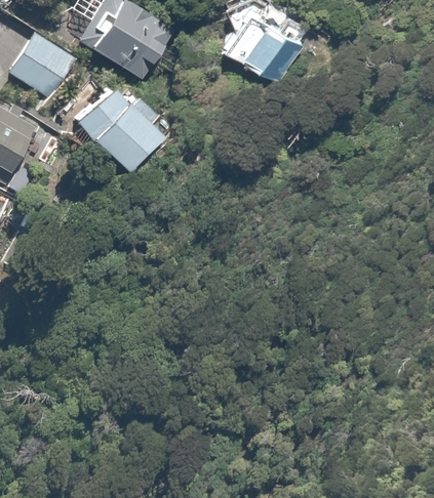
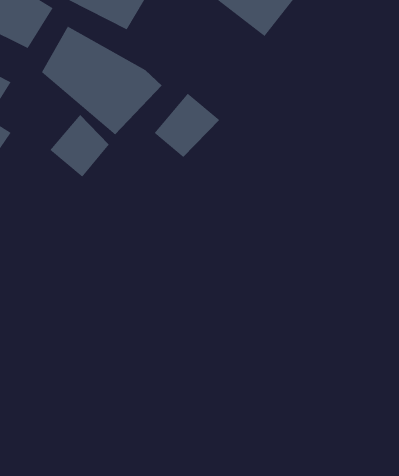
building: none -> [154,93,220,158]
building: none -> [50,114,110,177]

